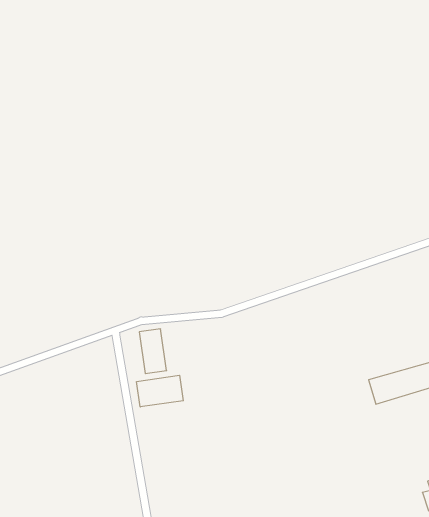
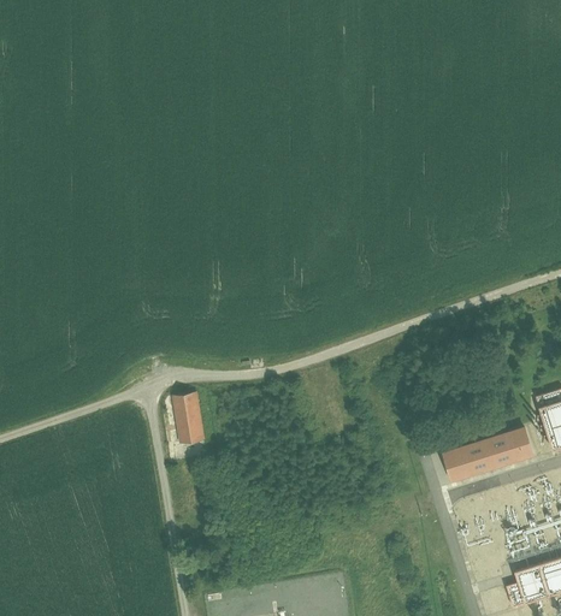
building: [137,375,183,407] -> none

